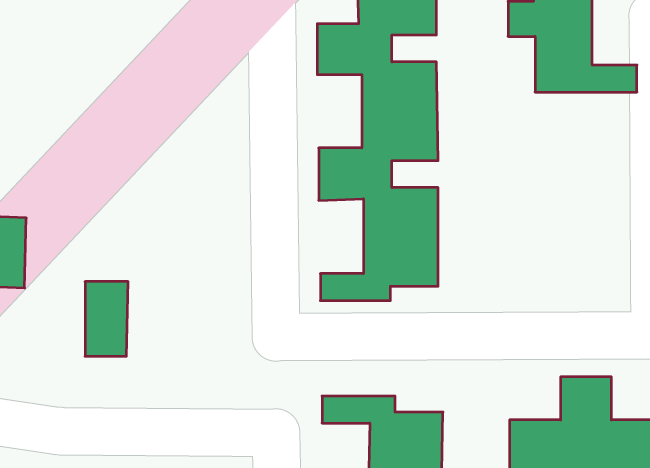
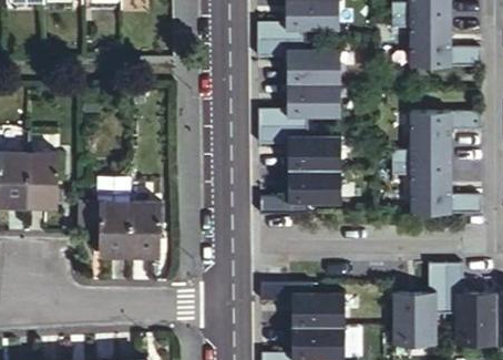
building: none -> [392,114,481,216]
building: none -> [125,200,156,253]

